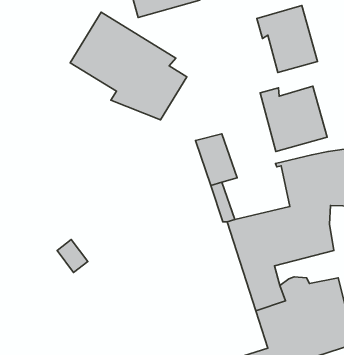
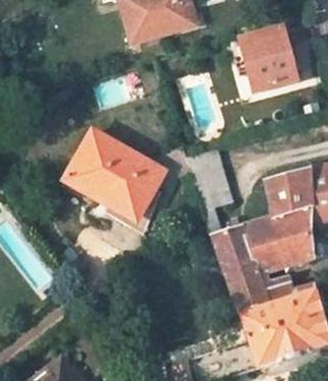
building: [70,12,187,120] -> [62,132,170,232]
building: [260,86,327,151] -> none

